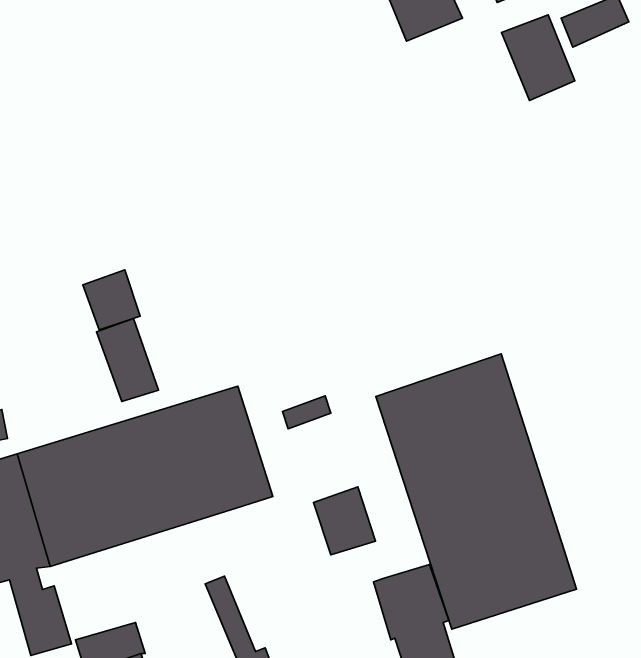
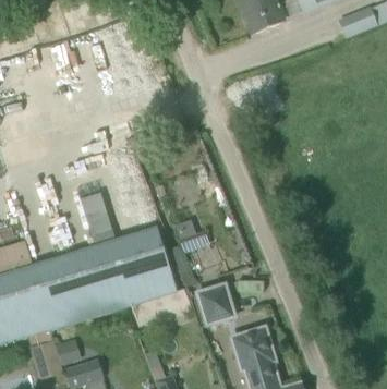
building: [501,15,575,101] -> none
building: [83,270,140,330] -> none
building: [376,354,577,629] -> none

